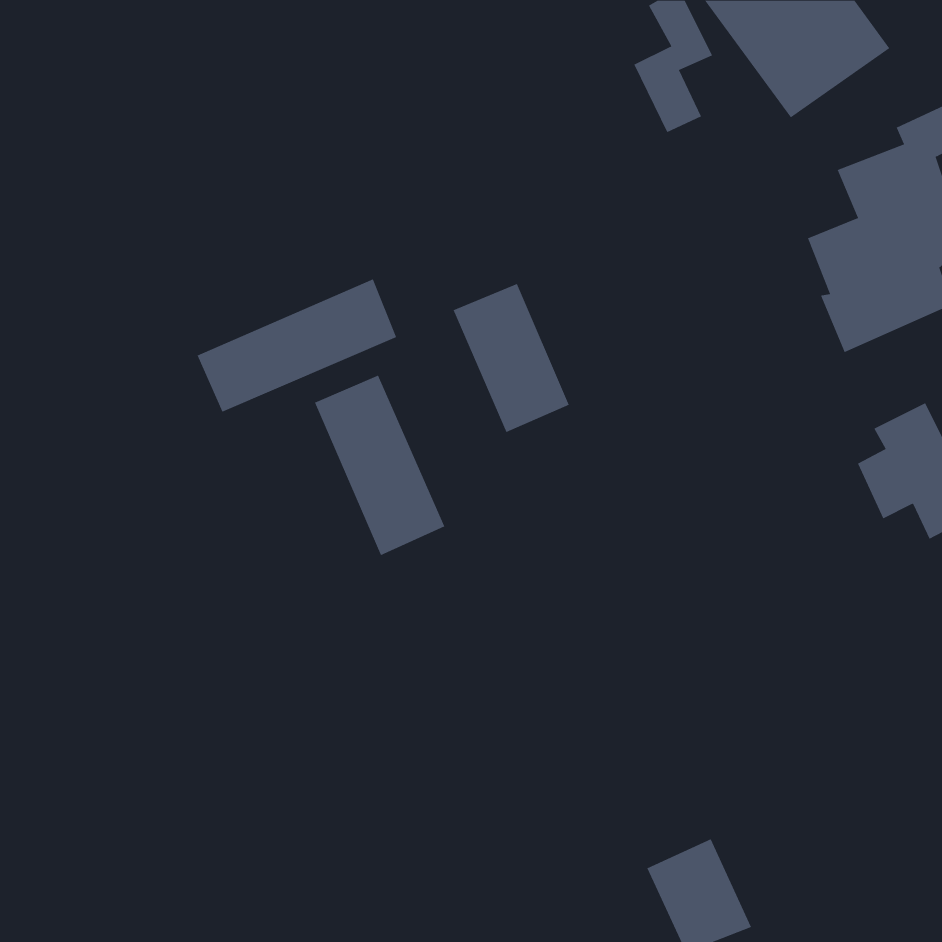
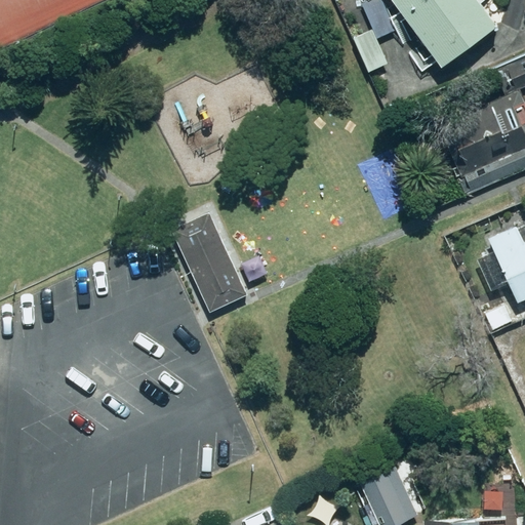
building: [197,279,397,412] -> none
building: [453,283,569,433] -> none

